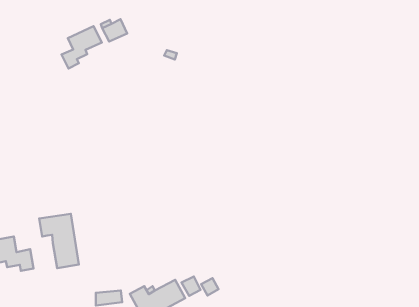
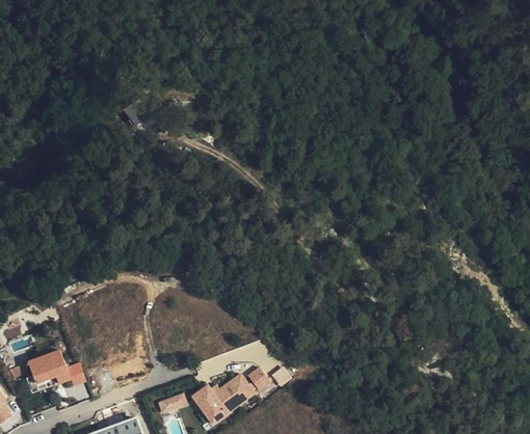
building: [62,26,102,68] -> none
building: [39,214,79,268] -> none

